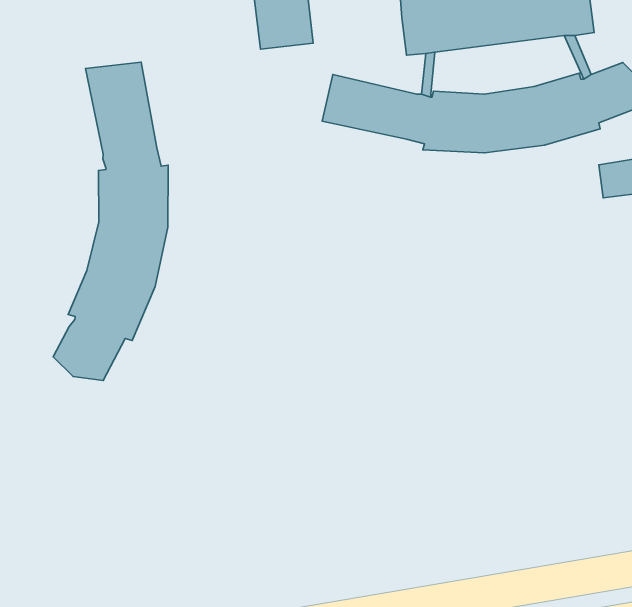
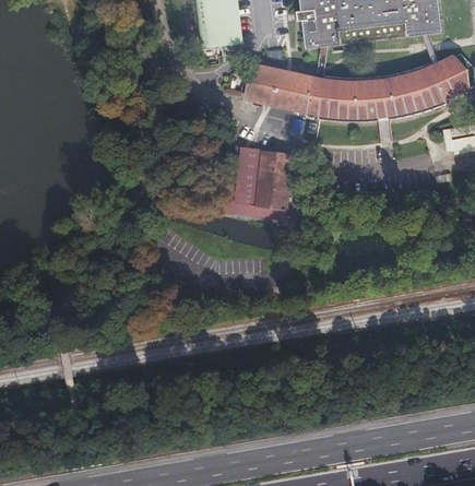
building: [53,62,168,380] -> none
building: none -> [216,149,292,221]

